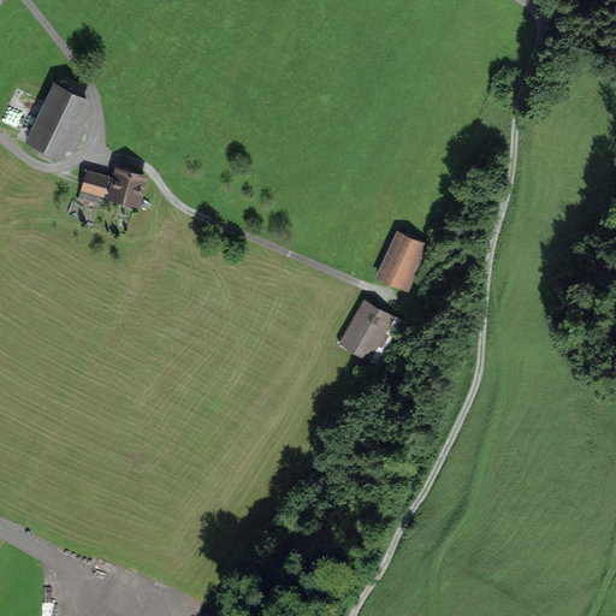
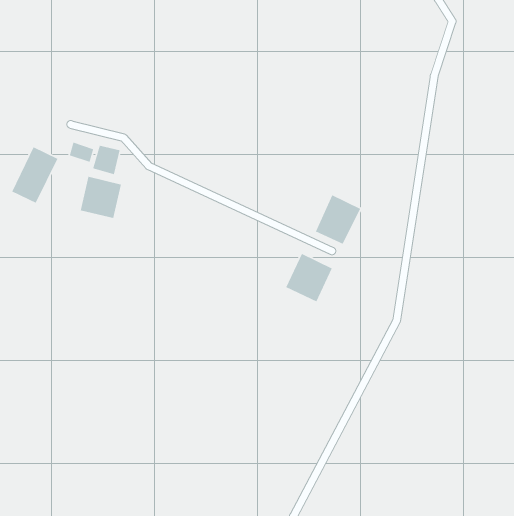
building: [28,87,84,155] -> [11,146,59,204]
building: none -> [80,176,122,219]

